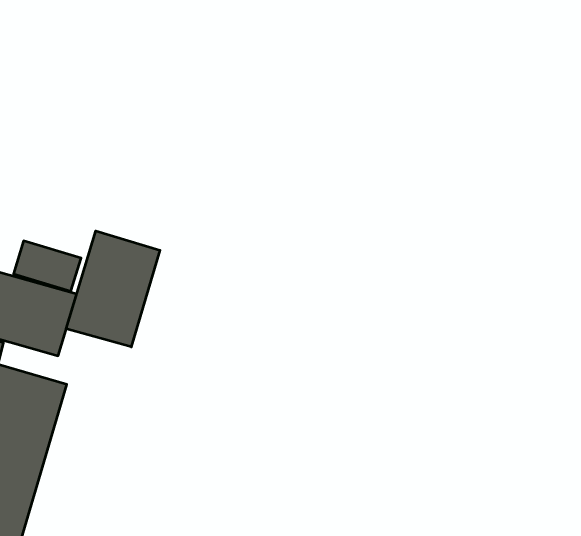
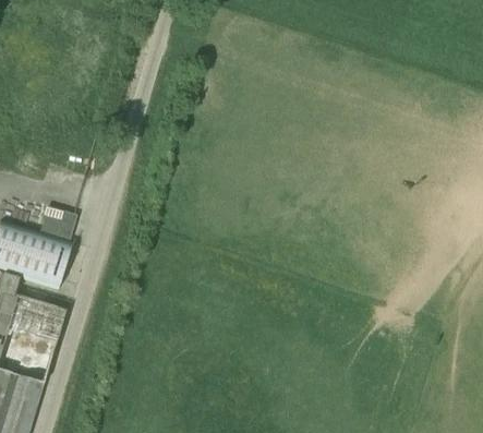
building: [66,231,160,347] -> none

